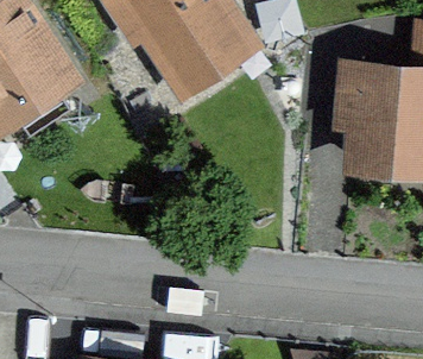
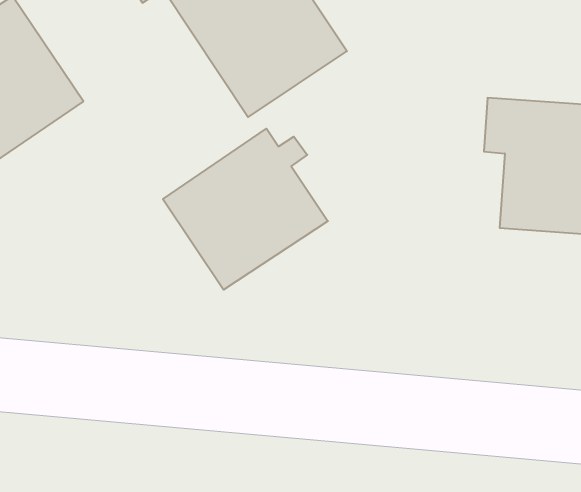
building: none -> [163,129,328,290]

